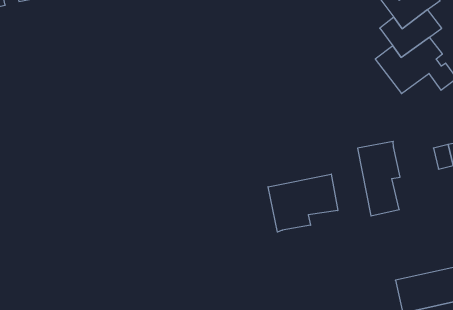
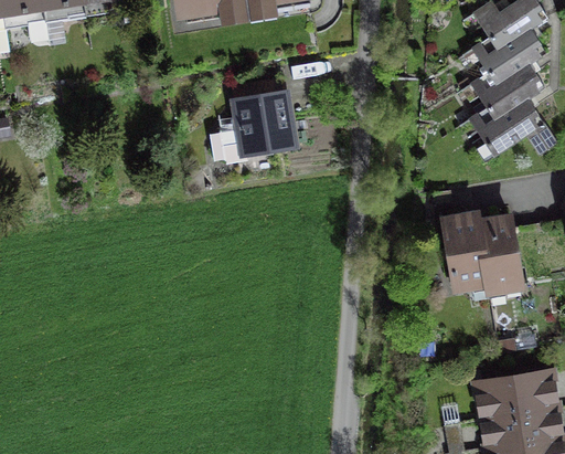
building: none -> [211,81,289,158]
building: none -> [477,217,525,305]
building: [268,174,338,232] -> none

